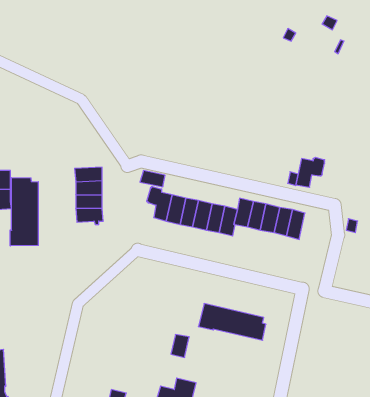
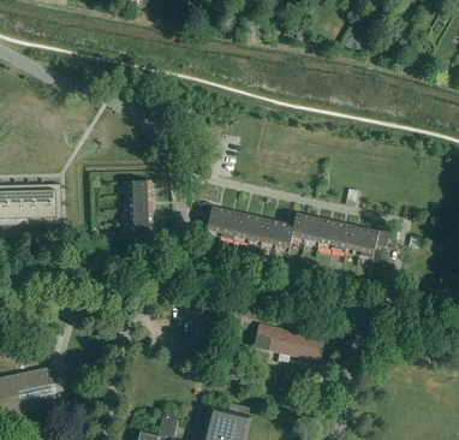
building: [296,157,325,187] -> [359,227,389,258]
building: [10,178,38,246] -> none

